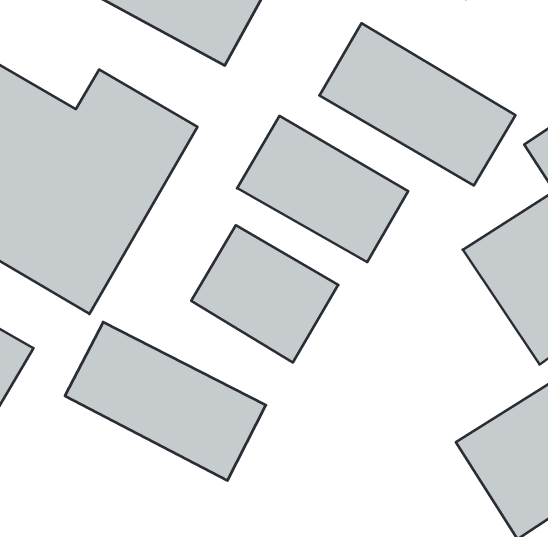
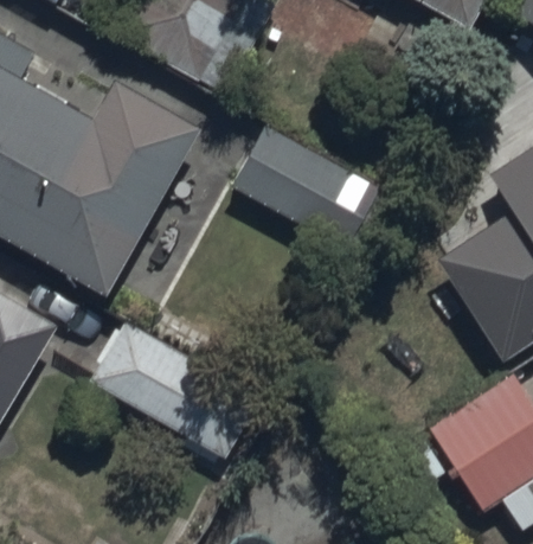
building: [319,23,515,185] -> none
building: [191,225,338,362] -> none

